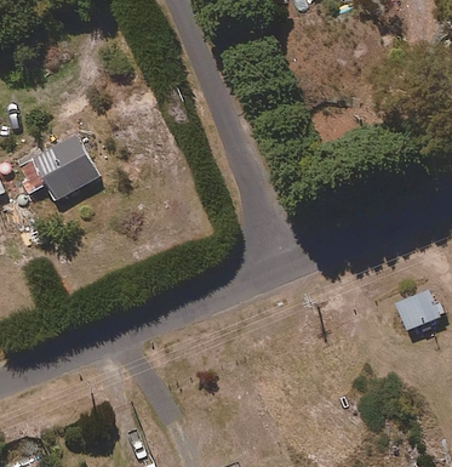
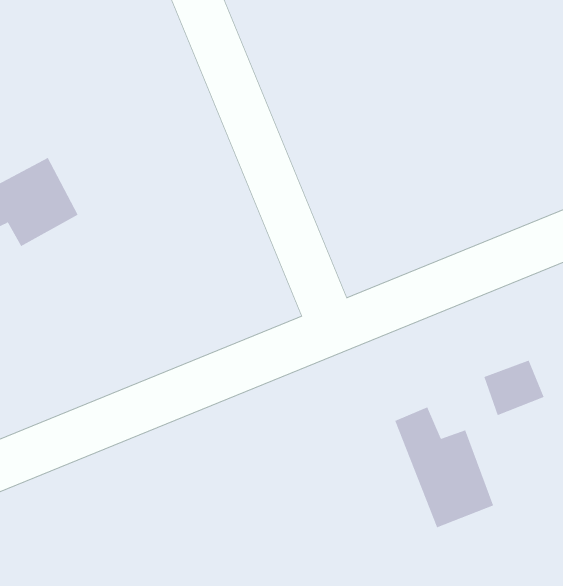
building: none -> [395,406,494,528]

